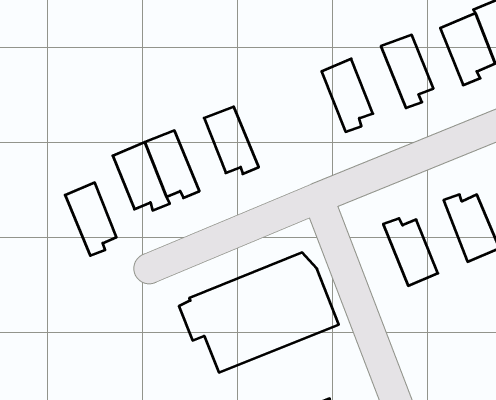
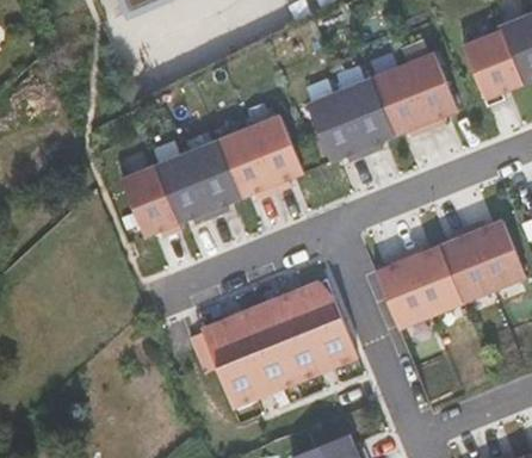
building: none -> [370,64,427,136]
building: none -> [307,91,364,161]
building: none -> [247,114,302,191]
building: [65,183,116,256] -> [185,140,239,216]
building: none -> [438,225,491,302]
building: none -> [375,250,429,327]

